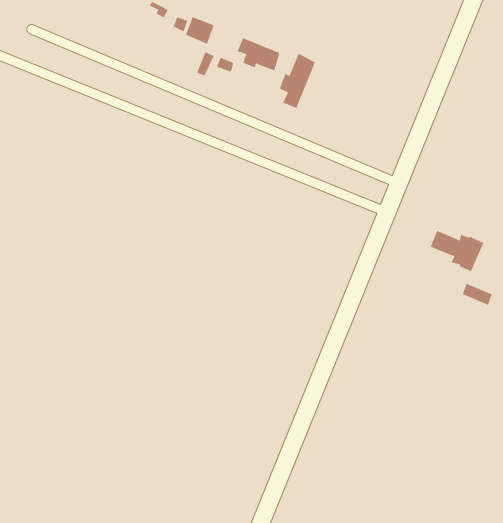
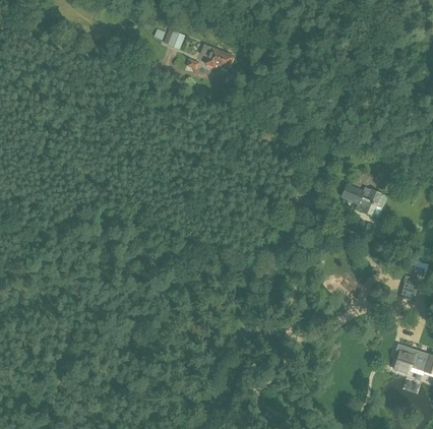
building: [279,53,316,109] -> none

